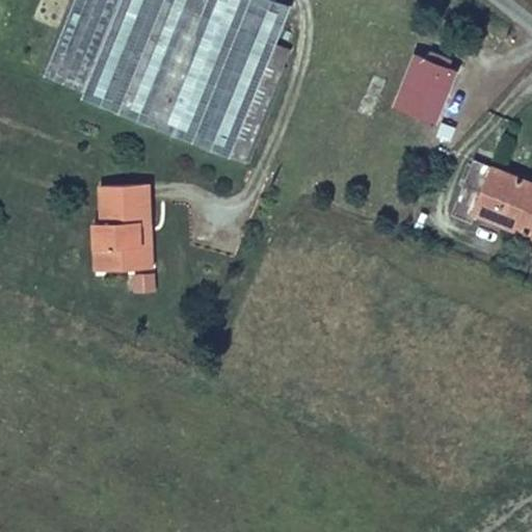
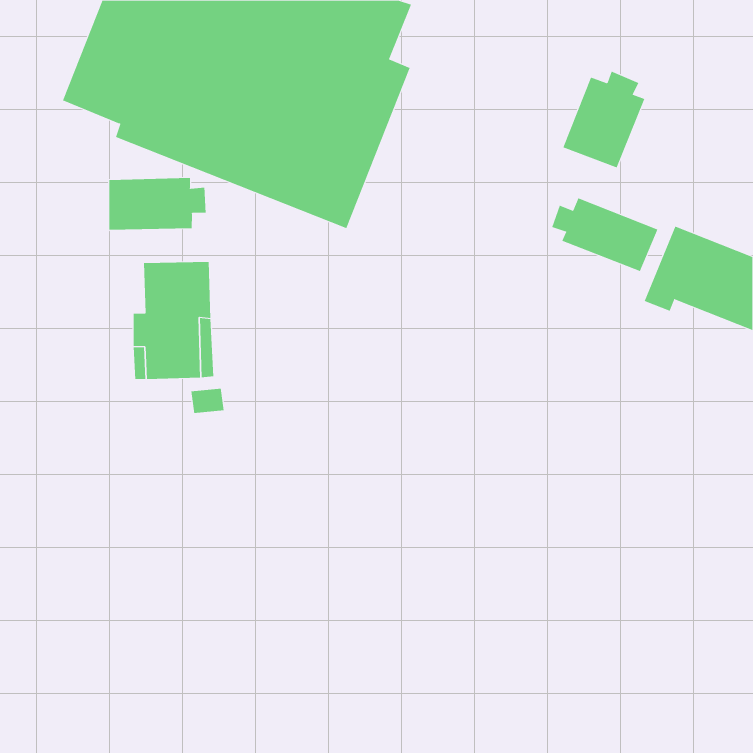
building: none -> [109,177,206,231]
building: none -> [551,197,658,272]

